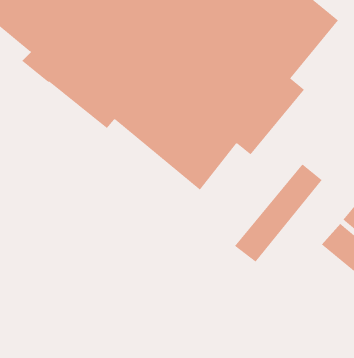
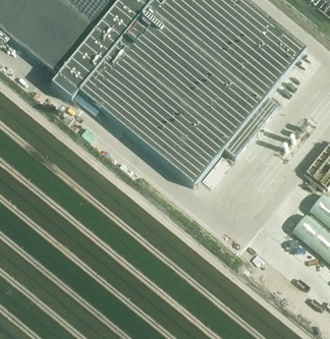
building: [234,163,323,263] -> none

